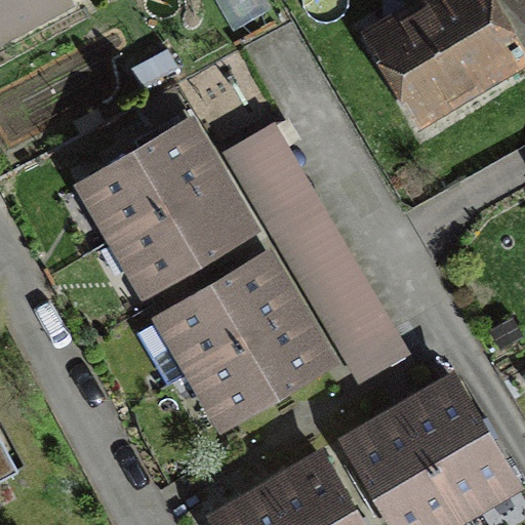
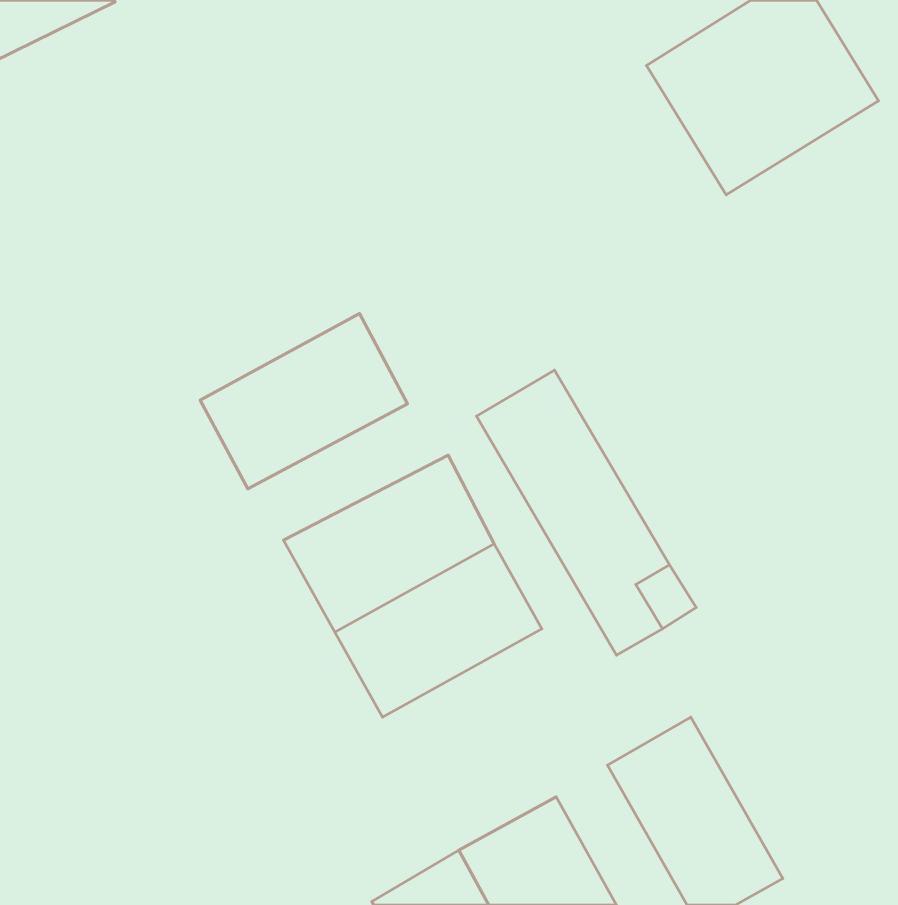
building: [224,125,307,216] -> none
building: [88,130,208,232] -> none
building: [400,386,506,509] -> none

